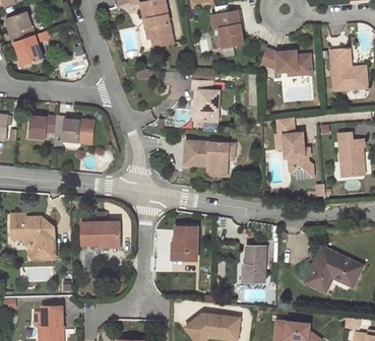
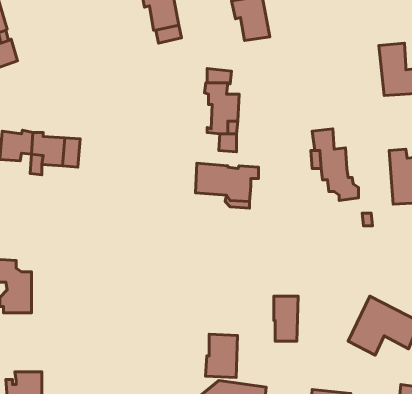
building: [261,46,311,72] -> none
building: [81,223,119,248] -> none
building: [172,226,197,261] -> [205,334,237,378]

